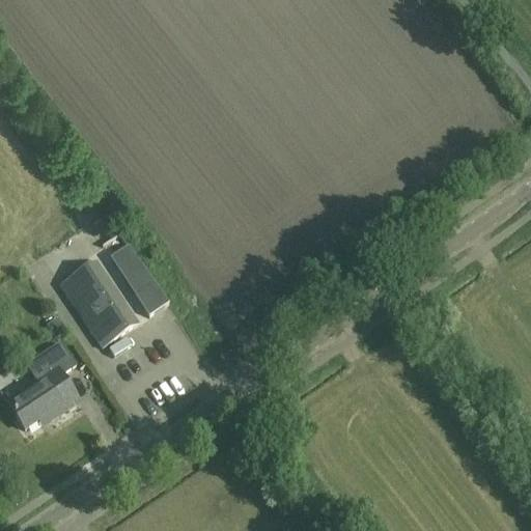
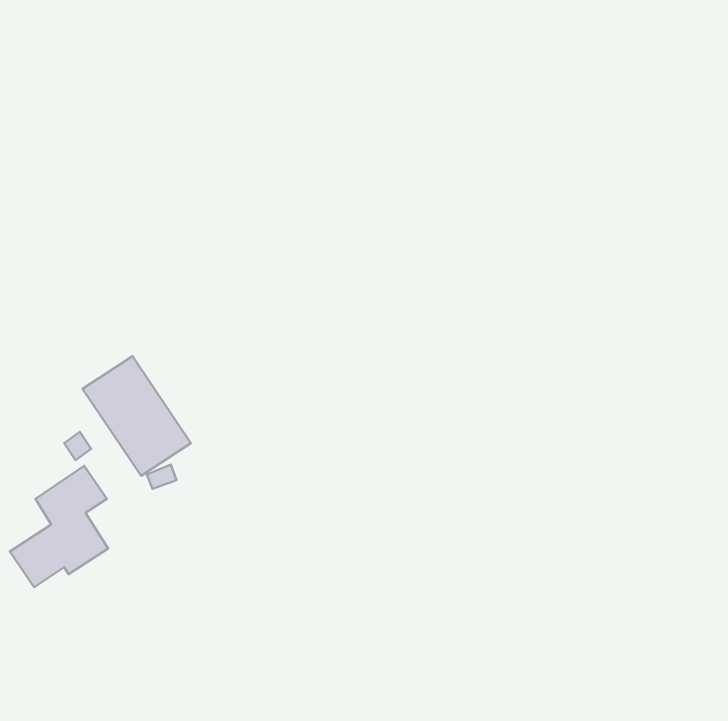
building: [110,244,169,315] -> none

